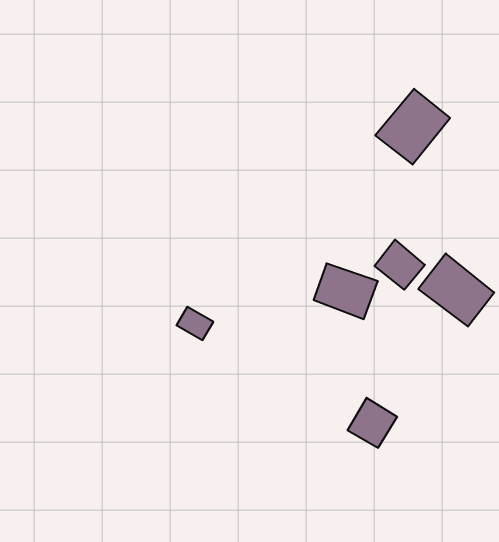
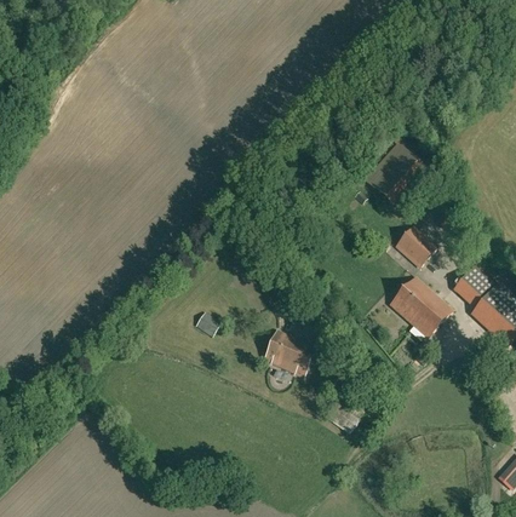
building: [374,240,425,290] -> [395,226,436,268]
building: [314,263,378,319] -> [263,331,316,378]

